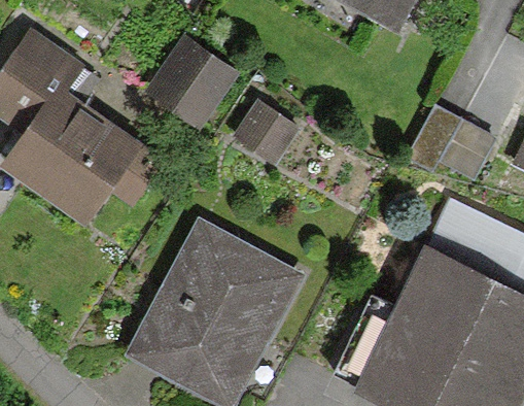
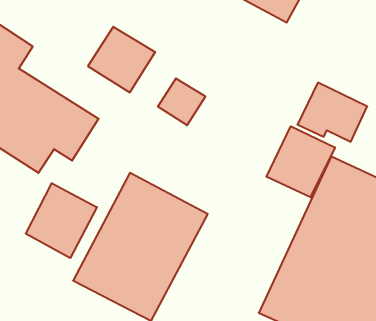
building: none -> [267,126,335,197]
building: none -> [26,183,97,258]

